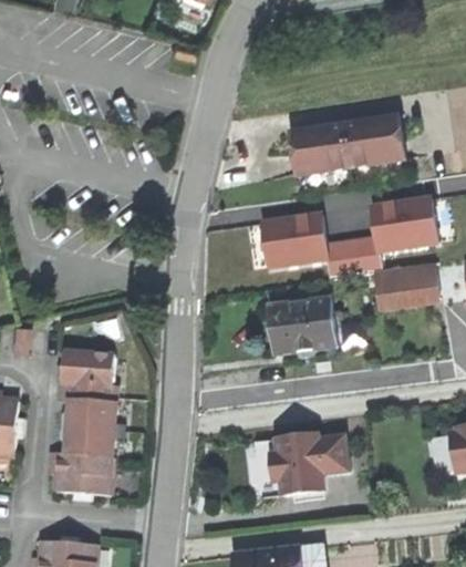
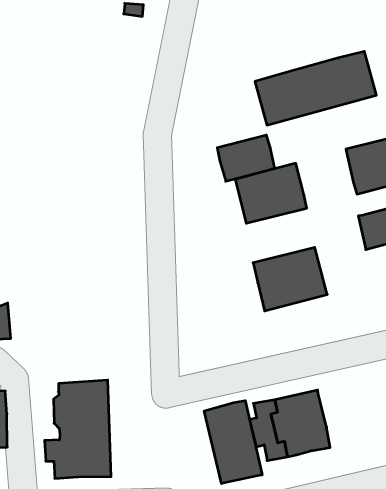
building: [327,238,380,278] -> [217,135,275,181]
building: [61,349,118,401] -> none
building: [318,433,352,471] -> none
building: none -> [204,401,262,484]

